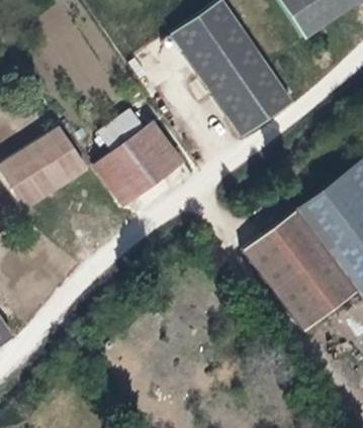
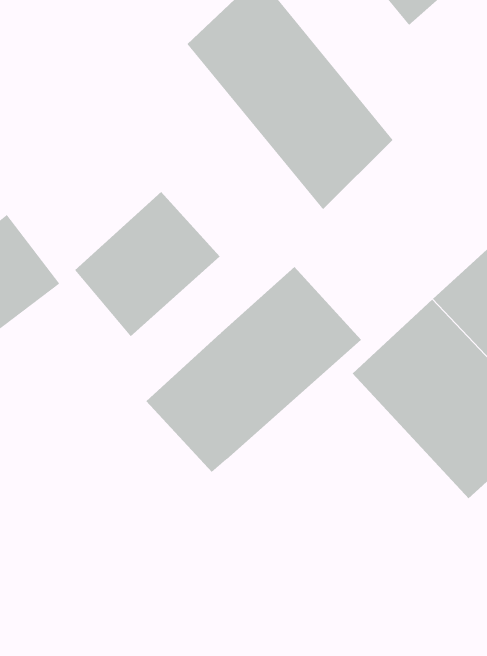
building: none -> [146,266,362,473]

